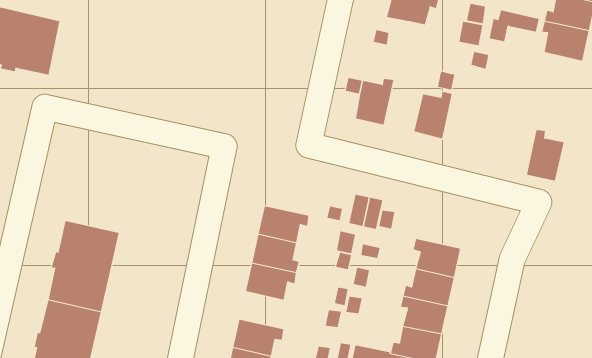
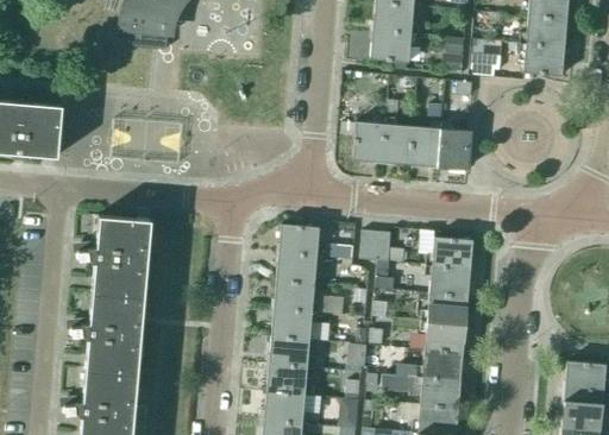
building: none -> [382,118,414,164]
building: [526,130,564,181] -> [439,124,471,170]
building: none -> [92,215,151,297]
building: none -> [278,223,324,257]
building: none -> [421,237,472,269]
building: none -> [269,336,314,367]

